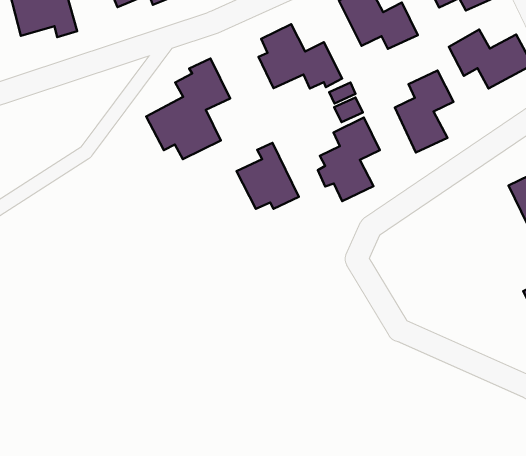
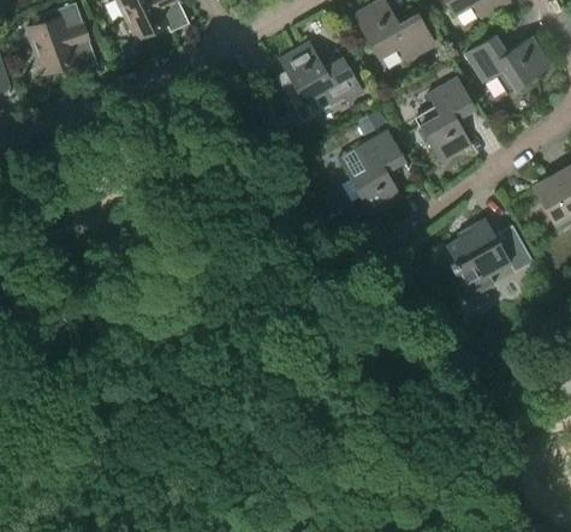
building: [146,58,230,159] -> none
building: [237,143,299,209] -> none
building: none -> [446,219,533,299]

